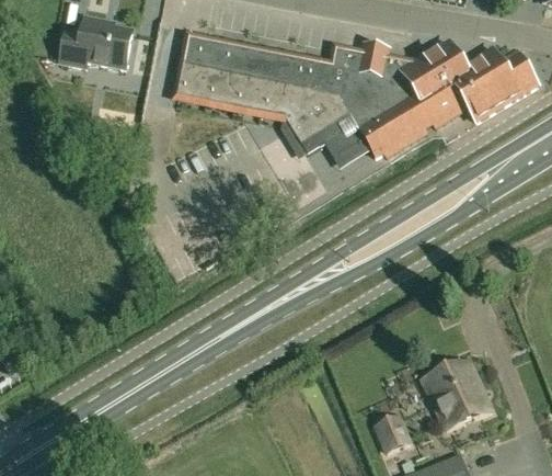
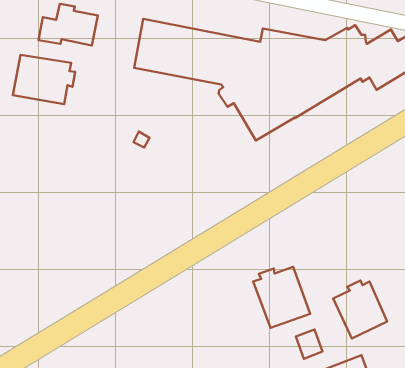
building: none -> [13,55,75,104]
building: none -> [253,267,310,328]

